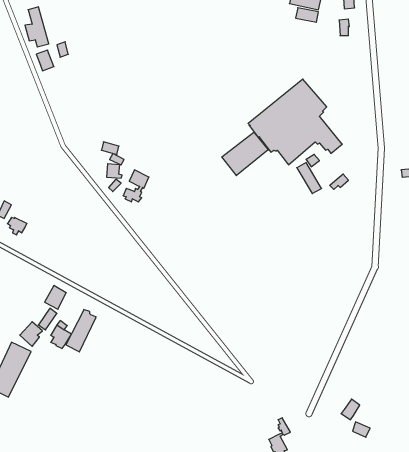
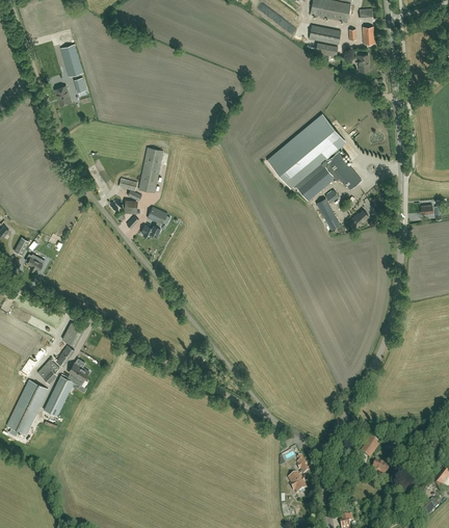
building: none -> [61,44,83,77]
building: none -> [139,148,163,192]
building: [222,132,268,176] -> none
building: [66,310,96,352] -> [44,374,74,417]

